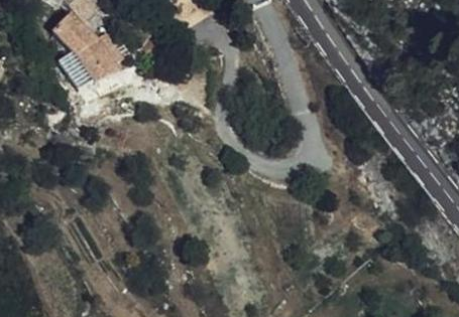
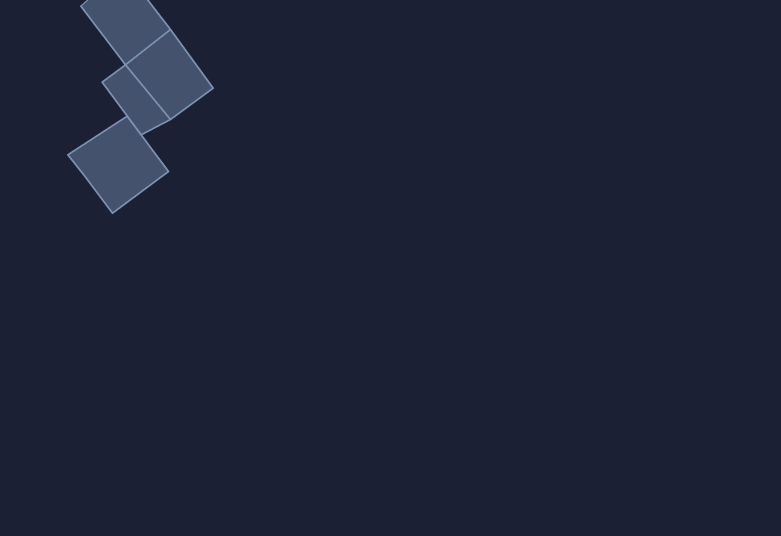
building: none -> [68,116,169,213]

